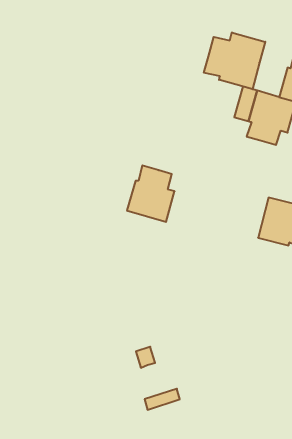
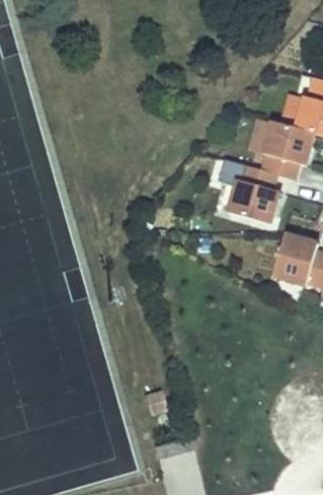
building: [204,32,265,89] -> none
building: [127,165,175,222] -> [229,164,279,224]

